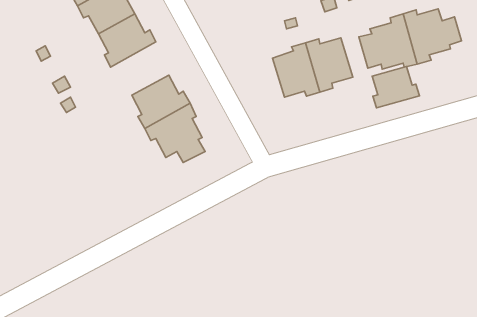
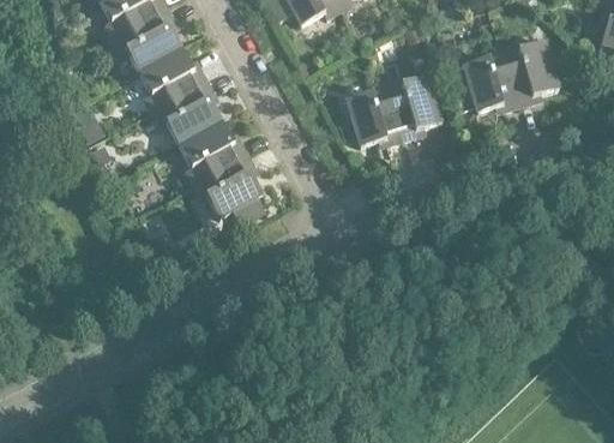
building: none -> [152,79,222,143]
building: [372,67,420,108] -> none

